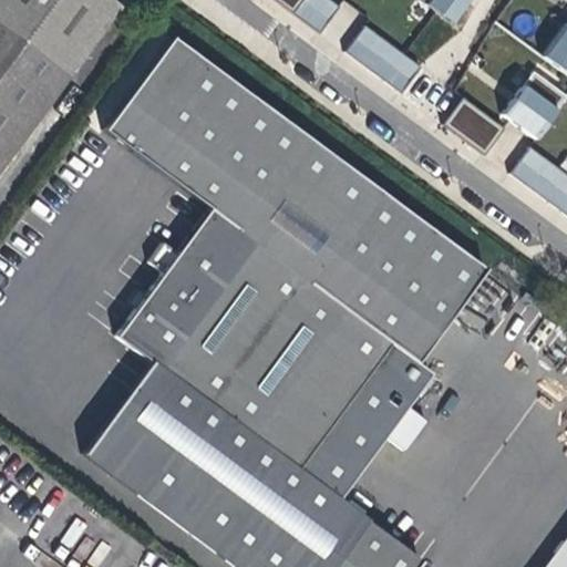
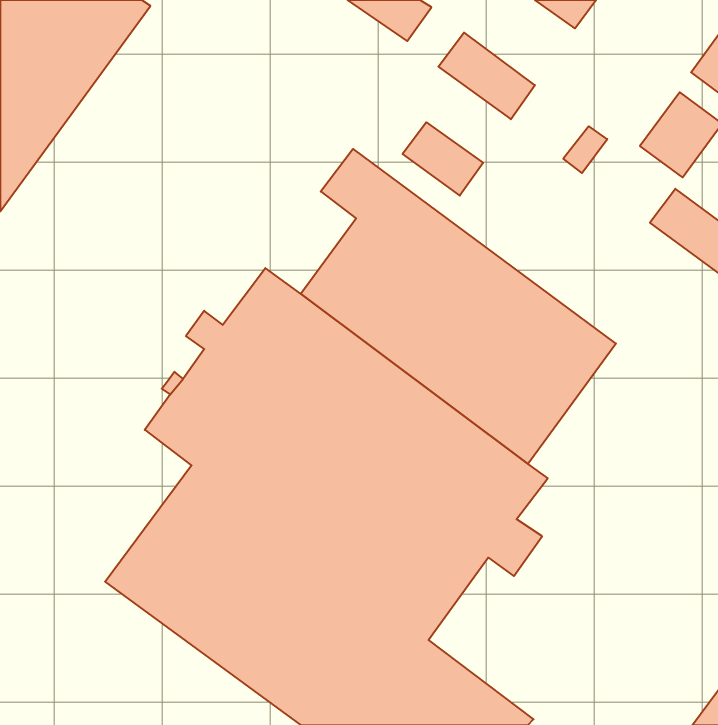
building: [106,38,284,229] -> none
building: none -> [403,122,483,196]
building: [460,109,506,155] -> none

